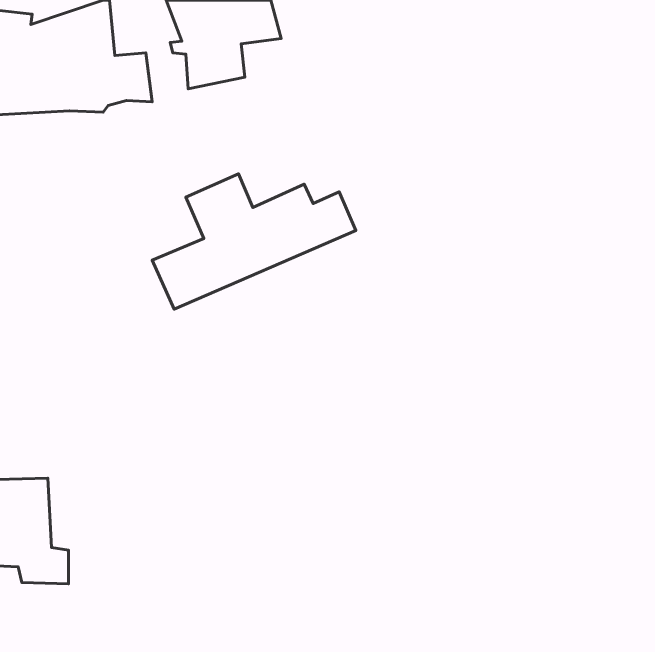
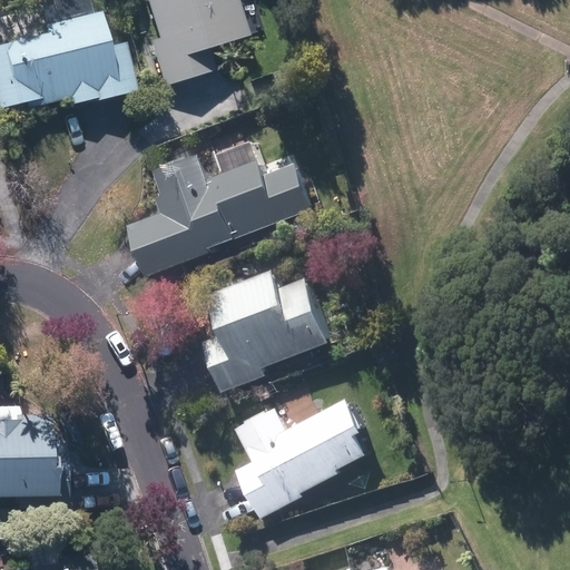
building: none -> [207,262,330,387]
building: none -> [239,400,366,513]

